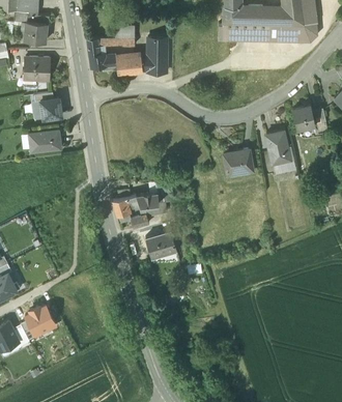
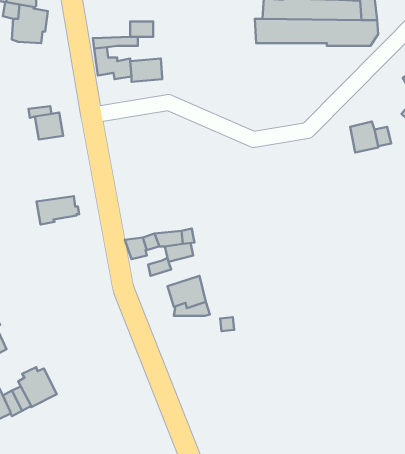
building: [147,36,167,73] -> none
building: [24,57,50,82] -> none
building: [267,131,292,166] -> none
building: [28,132,62,154] -> [37,196,79,224]
building: [224,149,253,172] -> none

